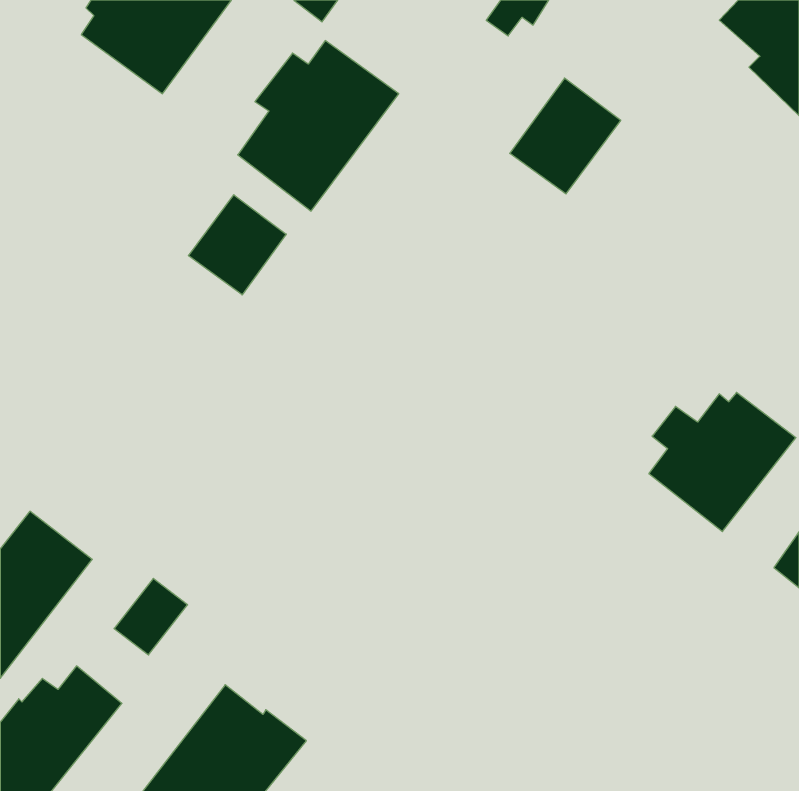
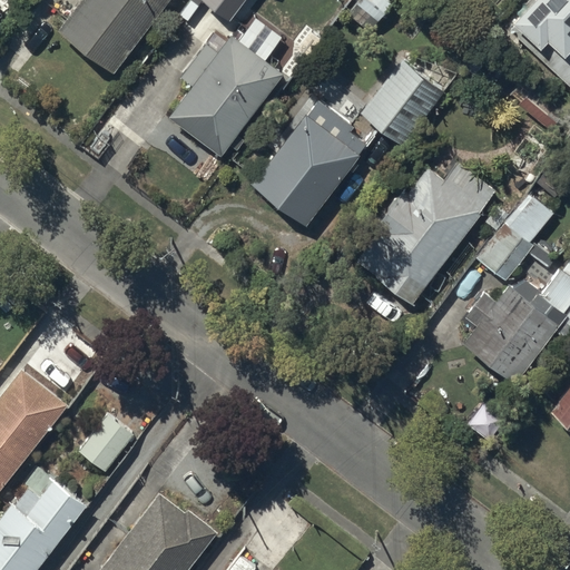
building: none -> [254,101,366,225]
building: [188,195,286,295] -> none
building: none -> [361,159,495,302]
building: none -> [476,195,552,283]

